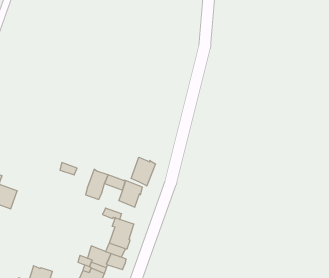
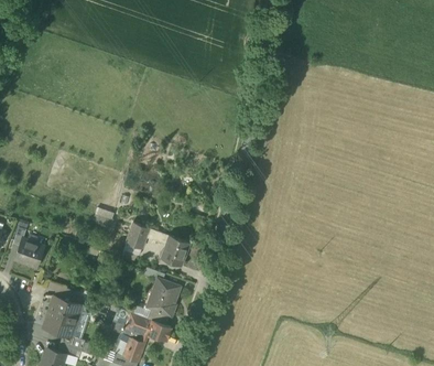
building: [131,157,155,186] -> none
building: none -> [43,295,82,336]

